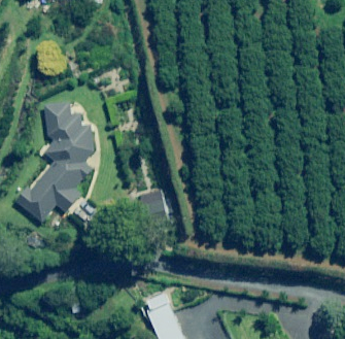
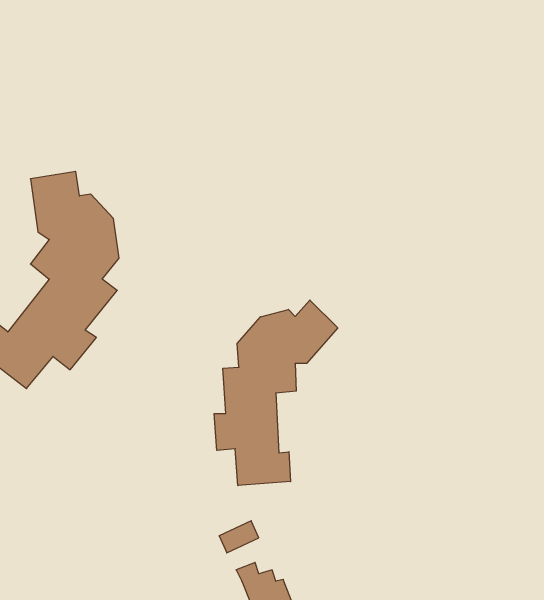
building: none -> [214,300,338,486]

